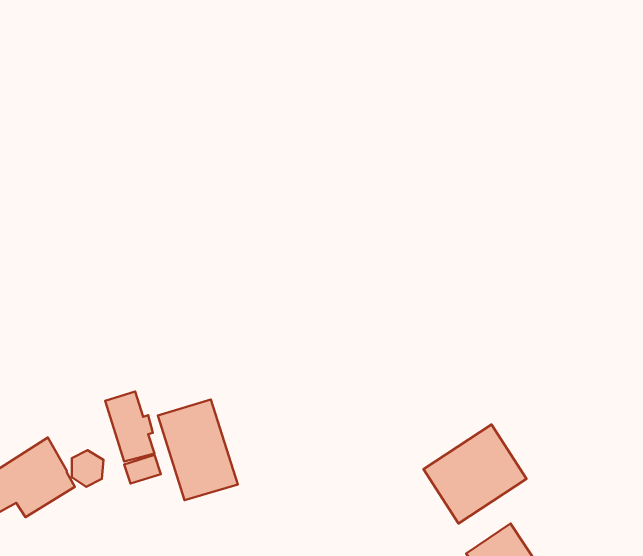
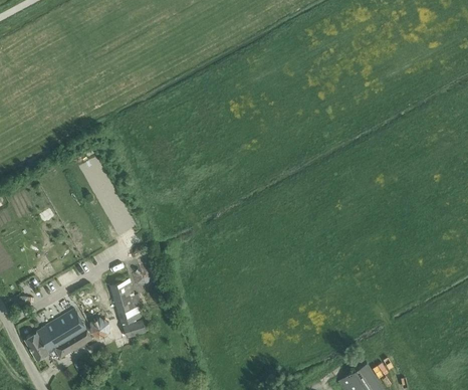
building: [158,400,238,500] -> none
building: [424,424,526,524] -> none

